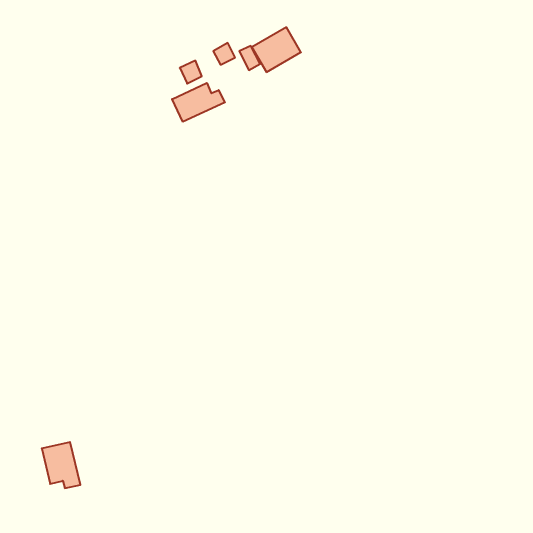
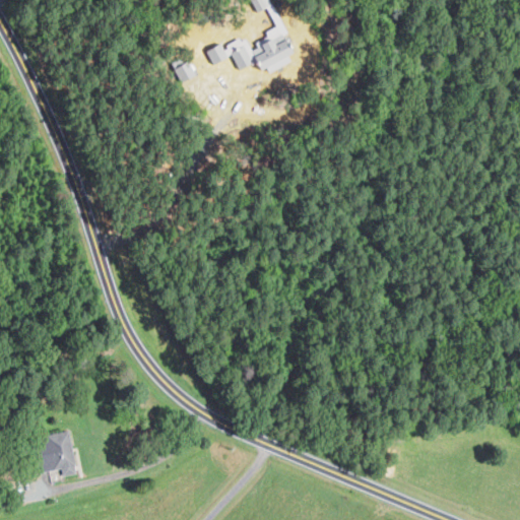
building: [172,83,225,122] -> none

